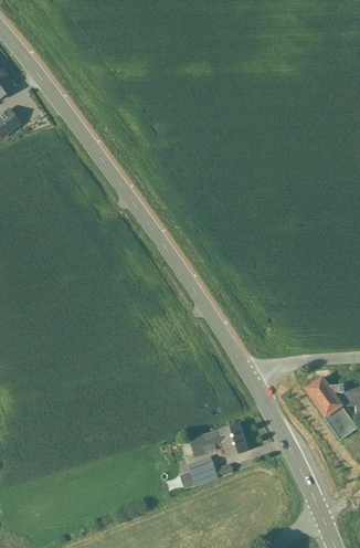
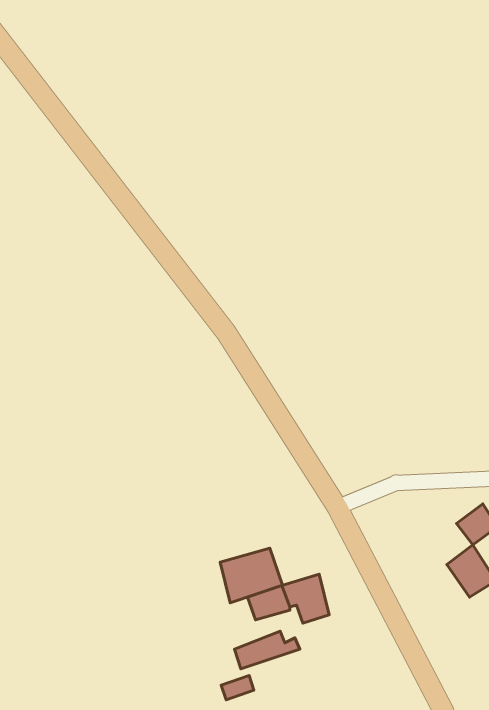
building: [306,378,342,417] -> none
building: none -> [220,548,283,603]

